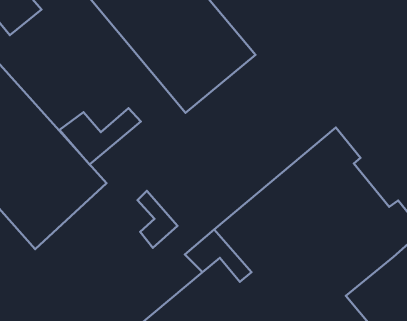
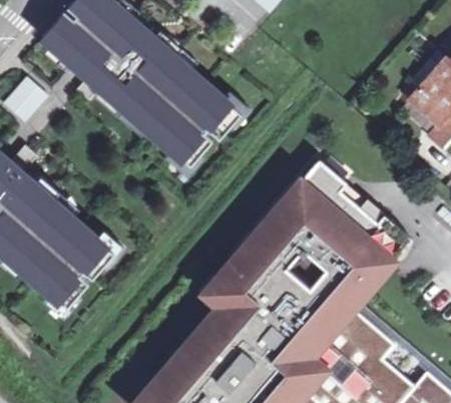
building: [60,108,141,164] -> none
building: [137,191,177,248] -> none

